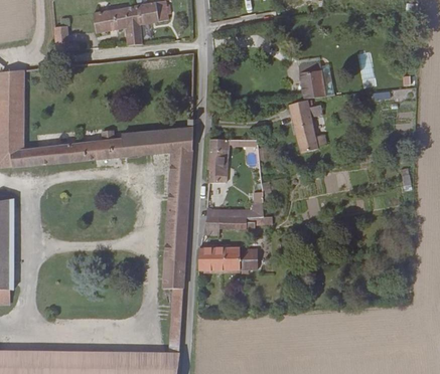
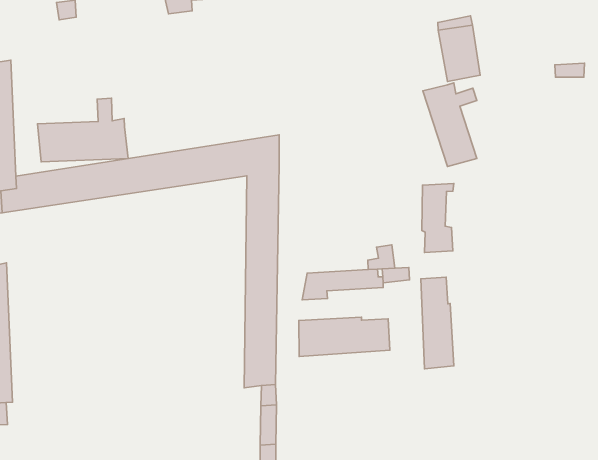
building: none -> [38,98,128,162]
building: [207,139,230,182] -> [422,183,454,252]
building: none -> [421,277,454,369]

